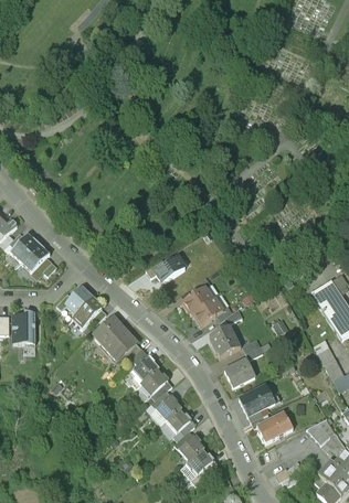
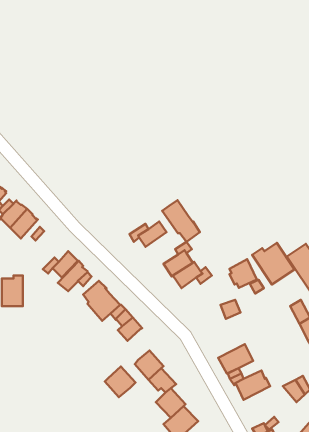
building: none -> [162,200,200,242]
building: none -> [252,243,295,285]
building: [210,325,239,355] -> [229,259,257,288]
building: [224,358,253,386] -> none
building: [140,368,172,400] -> [105,367,136,397]

